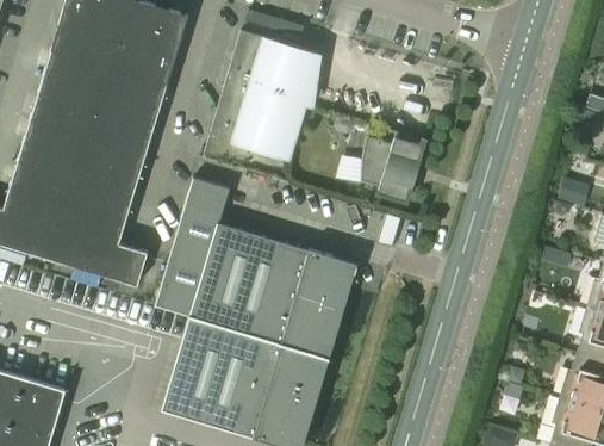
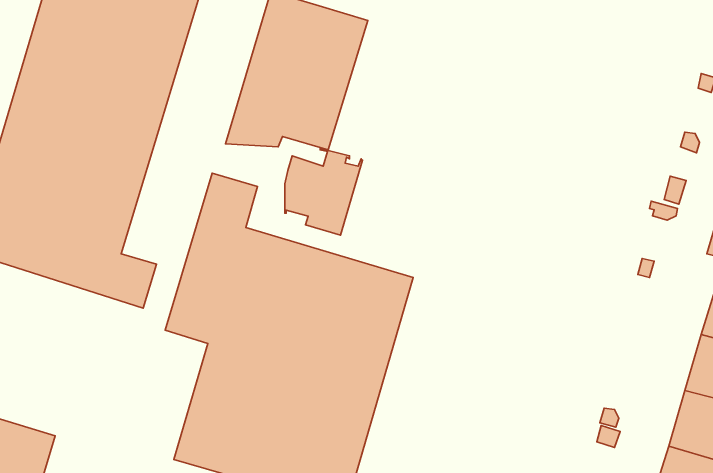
building: [361,131,424,202] -> [285,148,363,235]

